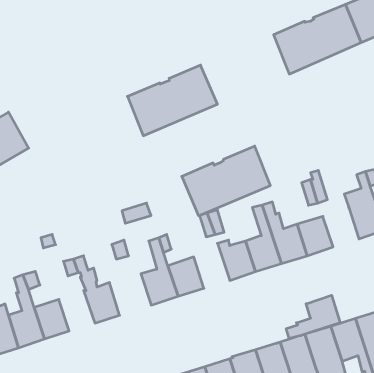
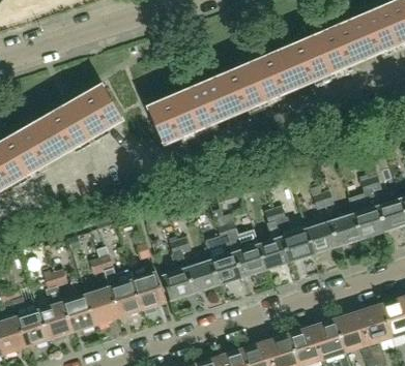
building: none -> [38,86,121,155]
building: [182,146,270,216] -> [215,51,297,115]
building: none -> [328,210,361,246]
building: none -> [209,243,242,284]
building: none -> [132,272,165,309]
building: none -> [85,286,118,324]
building: [286,295,340,338] -> none

